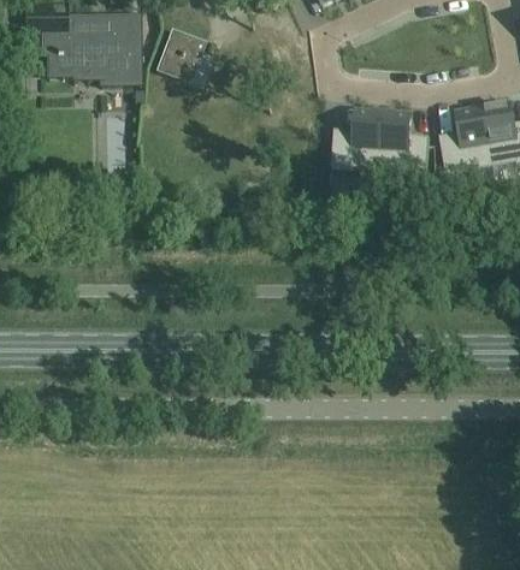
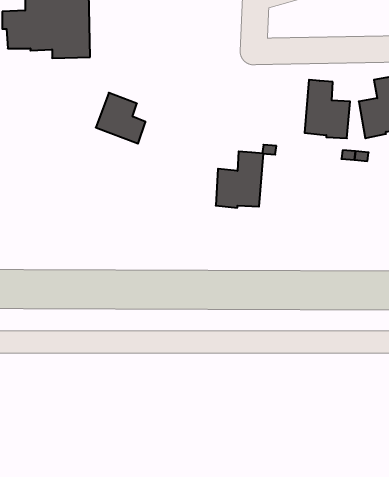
building: [156,28,212,84] -> [96,93,146,144]
building: [330,106,383,168] -> [216,151,263,208]

